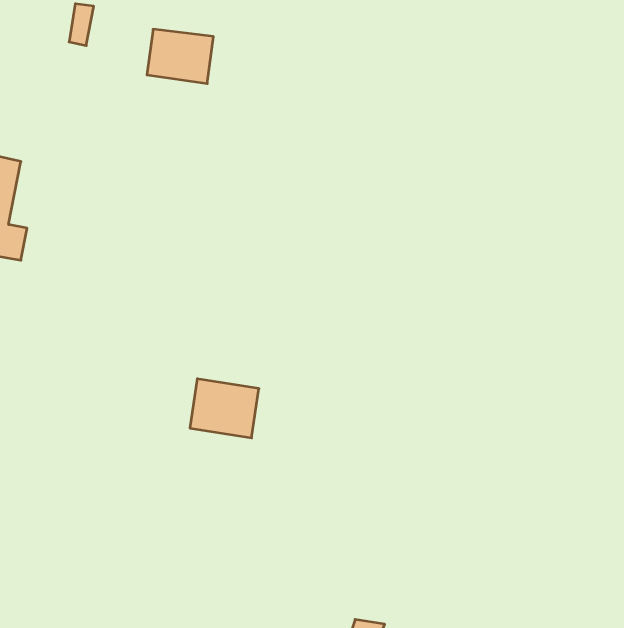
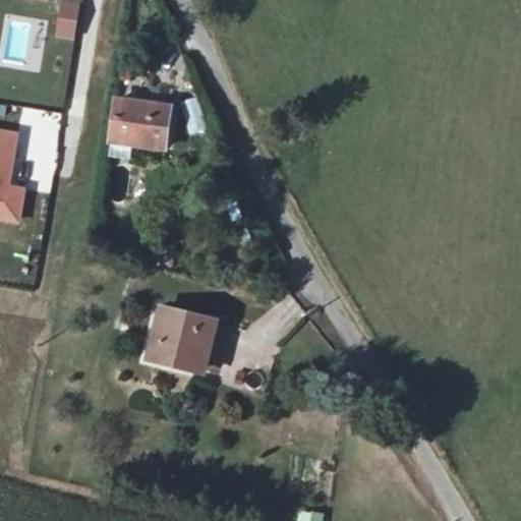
building: [147,29,213,84] -> [116,101,171,146]

